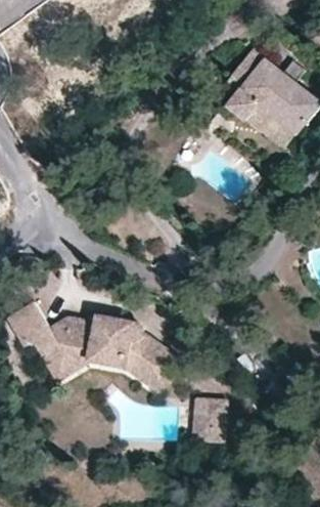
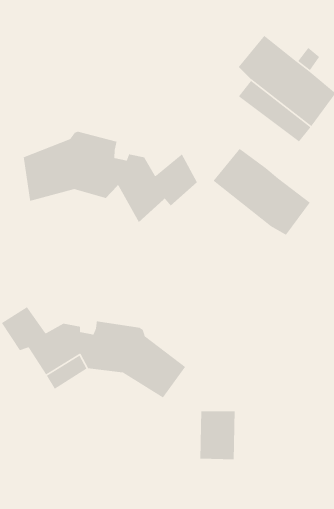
building: none -> [23,131,198,223]
building: none -> [212,148,311,236]

